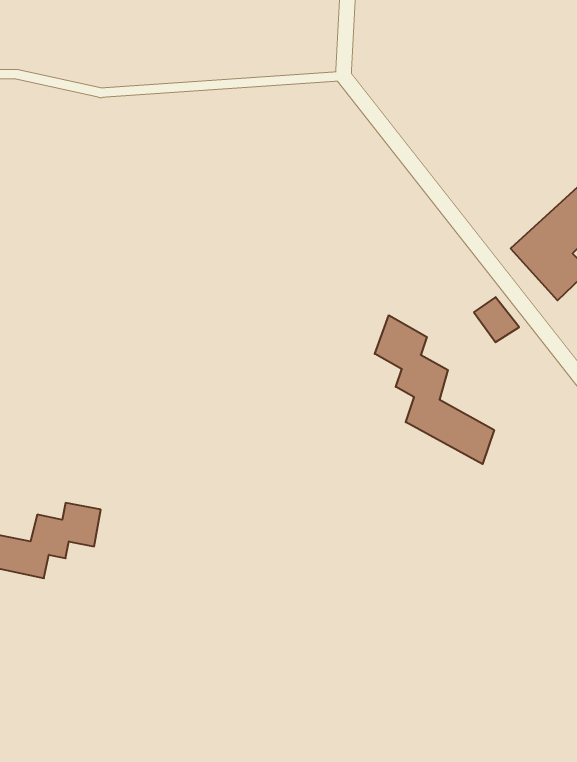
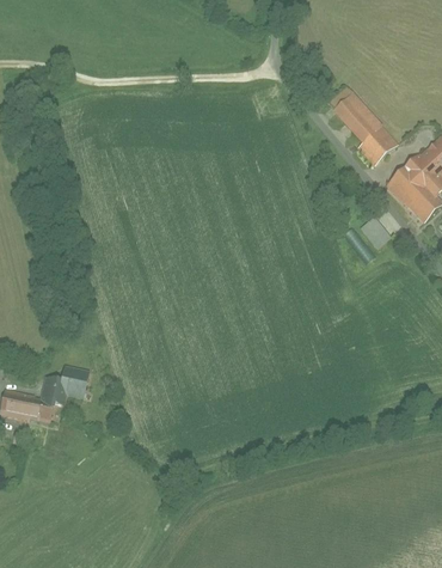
building: none -> [334,91,401,169]
building: [375,315,494,464] -> none

